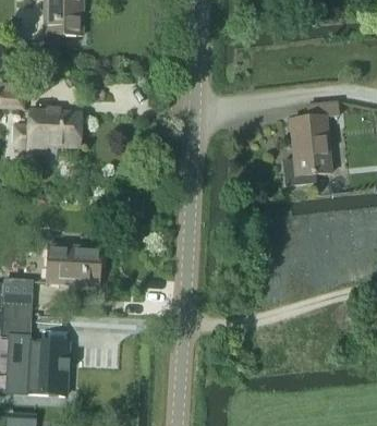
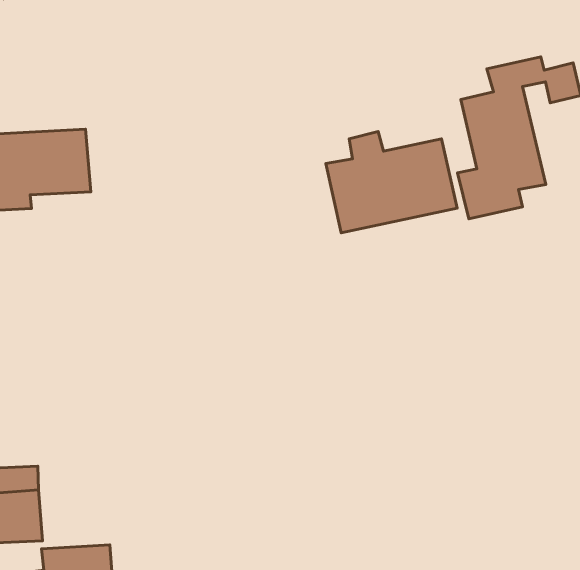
building: none -> [326,132,457,233]
building: [46,244,100,285] -> none

